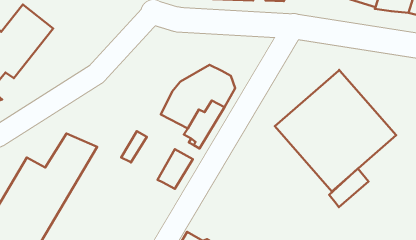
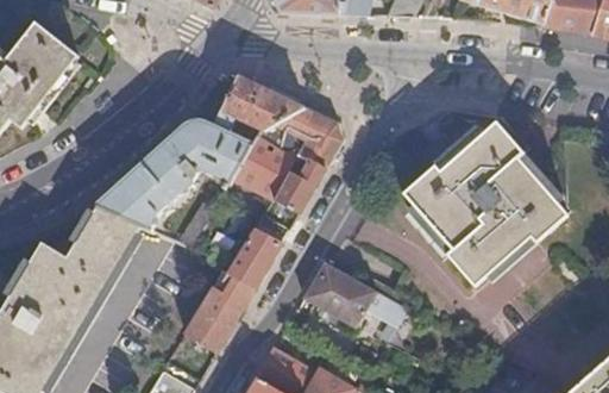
building: none -> [99,75,304,230]
building: [329,169,368,207] -> none
building: none -> [302,262,409,326]
building: none -> [187,276,255,350]

